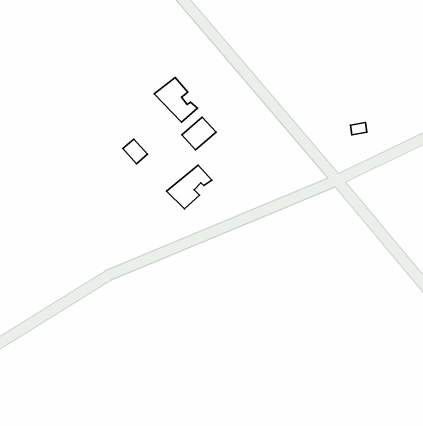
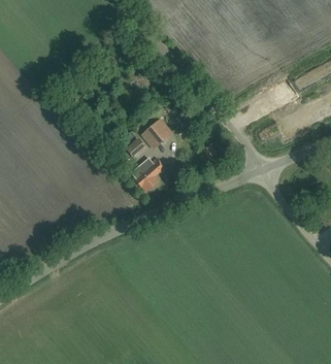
building: [154,77,198,122] -> none

